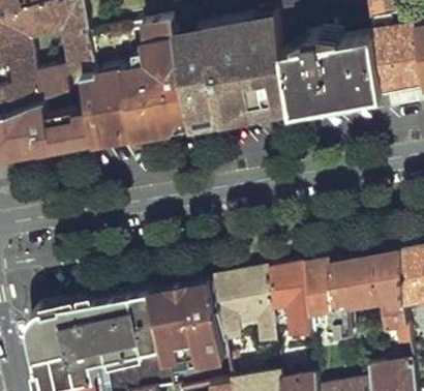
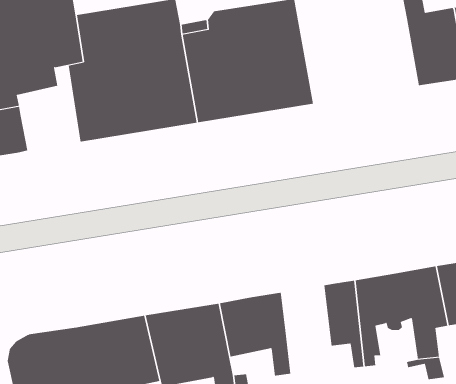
building: [285,36,386,110] -> none
building: [43,110,94,150] -> none
building: [268,266,312,337] -> none

